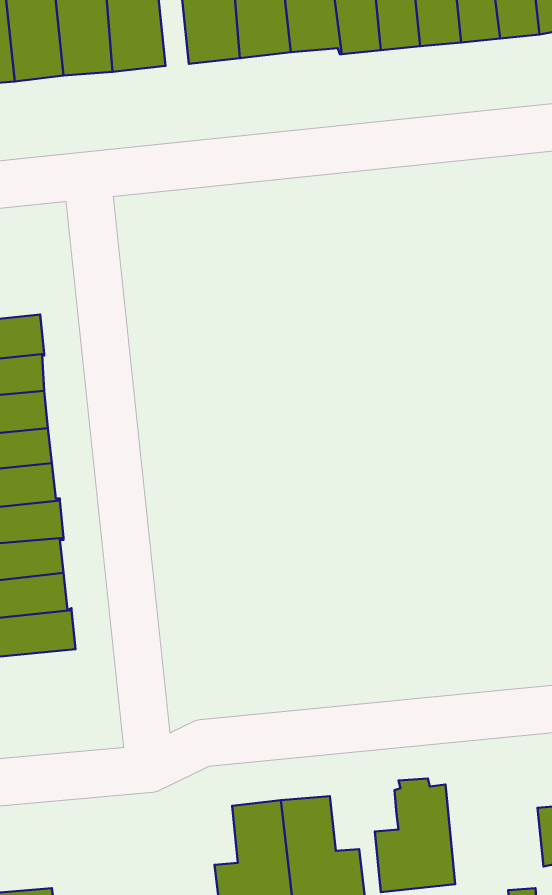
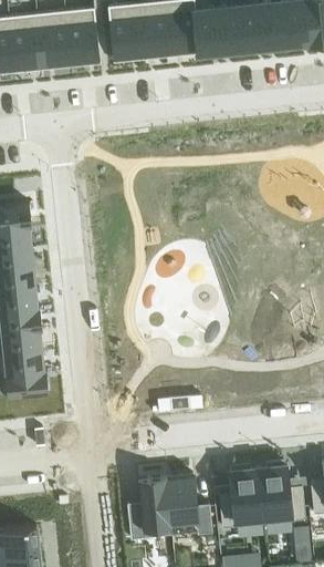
building: none -> [258,461,305,524]

